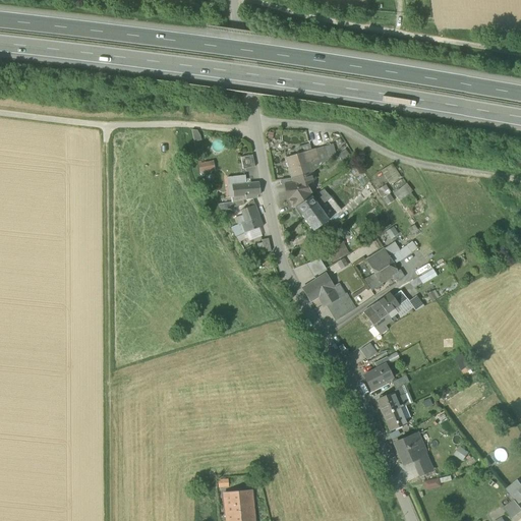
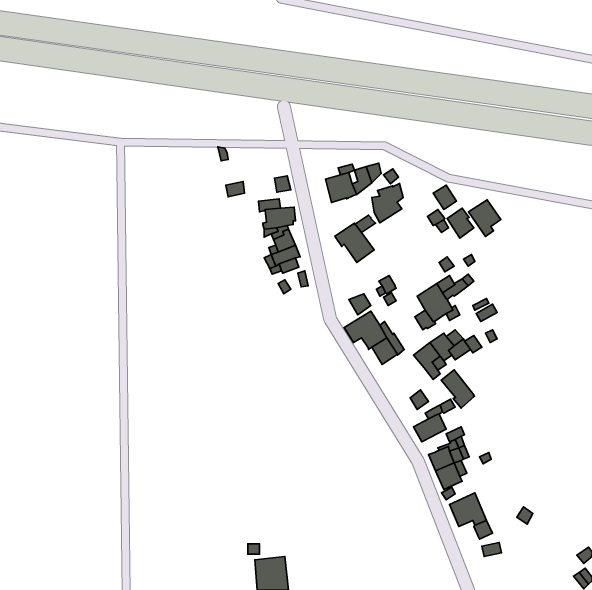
building: [286,172,313,207] -> [372,183,403,223]
building: none -> [468,200,501,237]
building: none -> [441,370,475,408]

